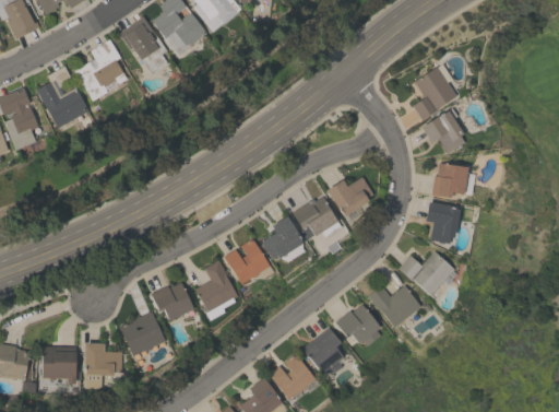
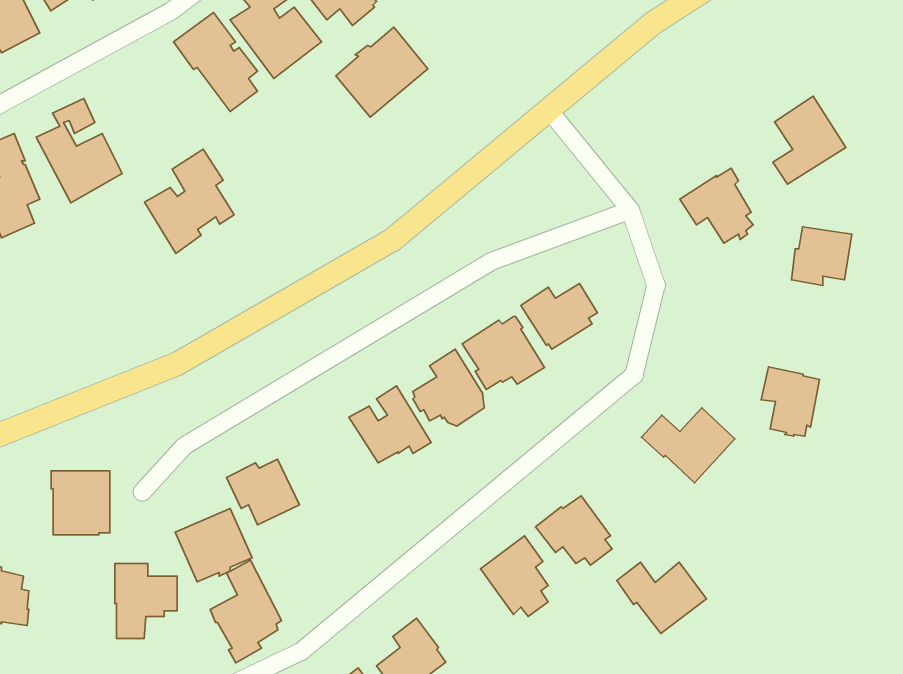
building: none -> [336,27,428,117]
building: [74,39,128,102] -> [145,149,234,253]
building: [413,67,456,119] -> [773,96,846,184]
building: [432,163,468,198] -> [792,227,852,285]
building: [425,202,460,244] -> [761,367,820,436]
building: [194,260,237,321] -> [210,560,282,663]
building: [368,285,421,328] -> [617,562,706,634]
building: [40,348,75,386] -> [51,471,110,535]
building: [269,353,316,400] -> none

